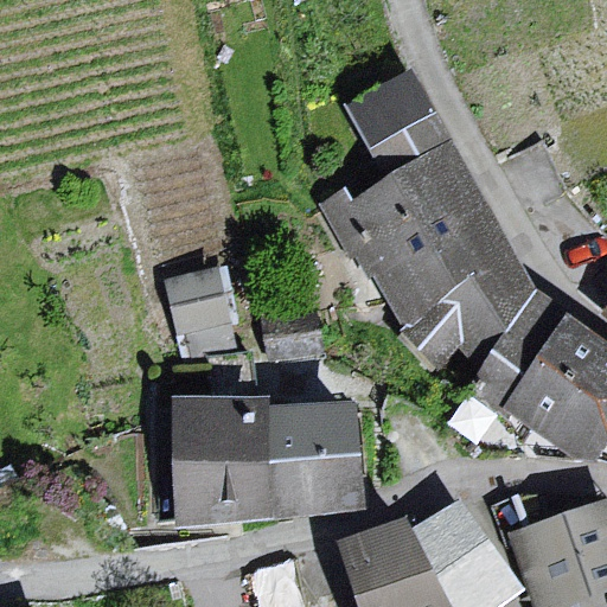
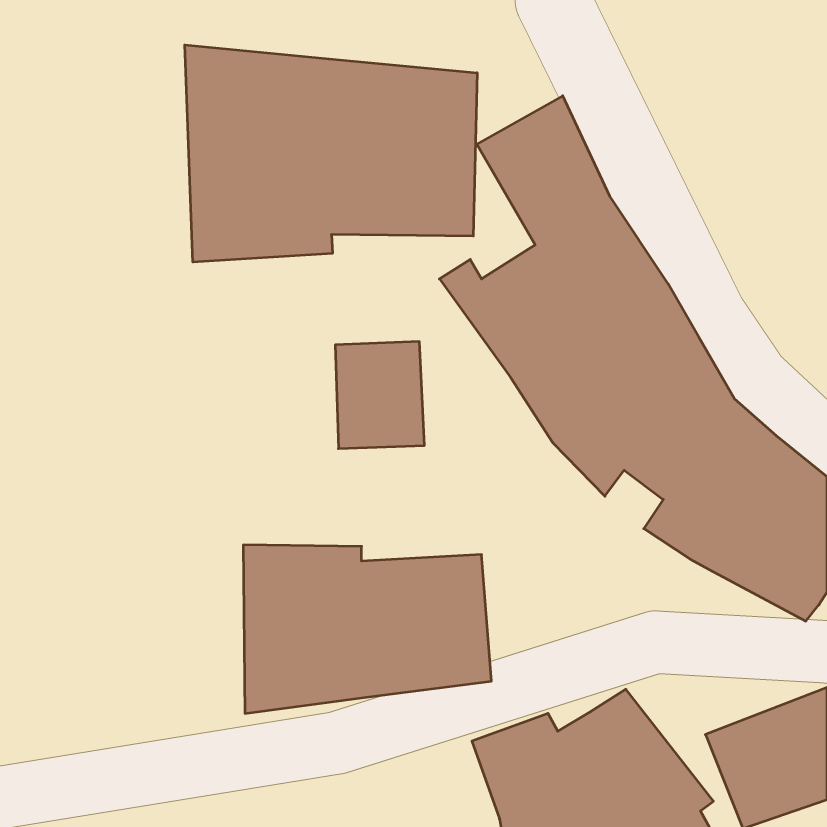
building: none -> [185,45,477,262]
building: [172,261,237,339] -> [335,342,424,449]

